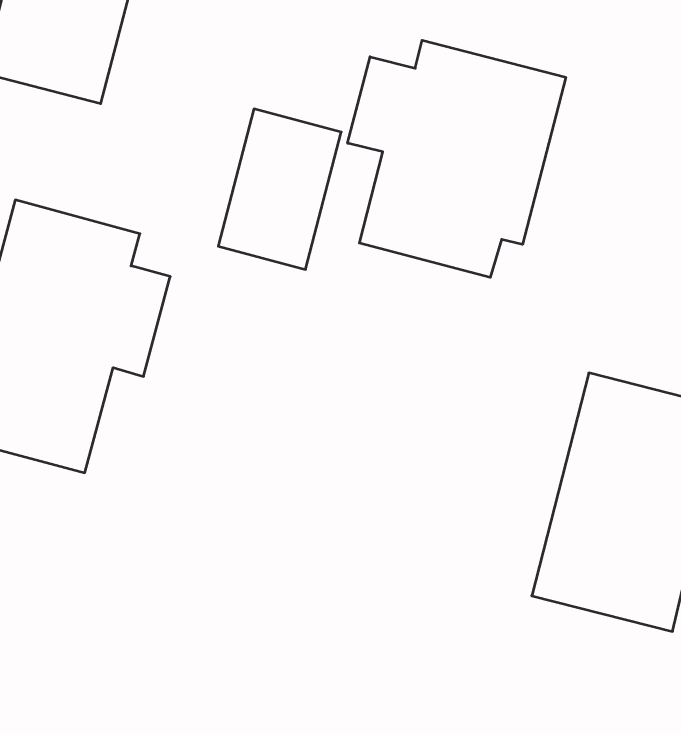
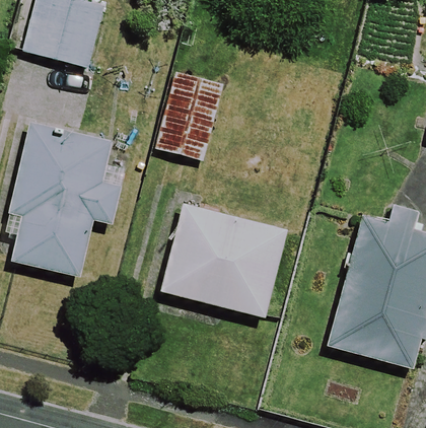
building: [348,40,566,277] -> none
building: none -> [159,202,284,317]

